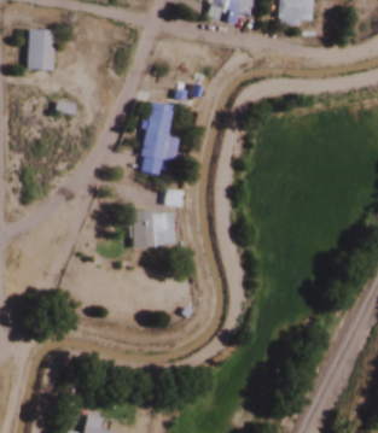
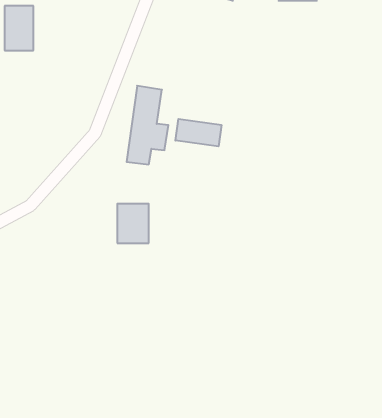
building: none -> [175,119,221,146]

